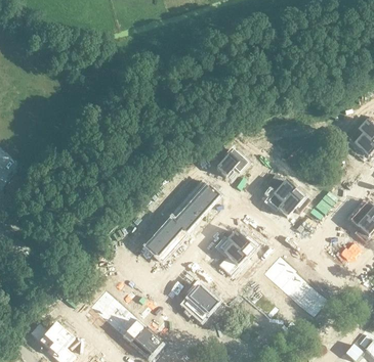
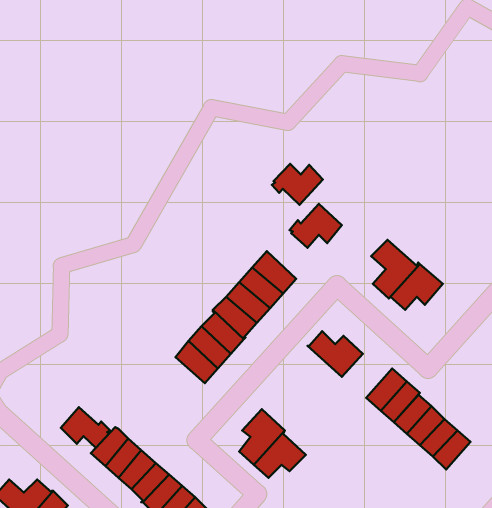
building: none -> [272,164,323,205]
building: [215,238,246,276] -> none
building: none -> [61,407,110,448]

